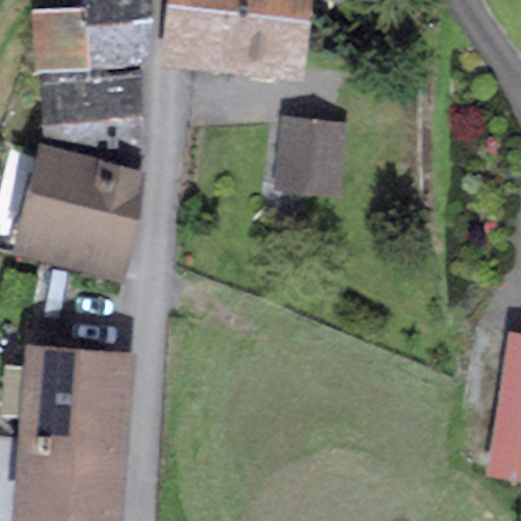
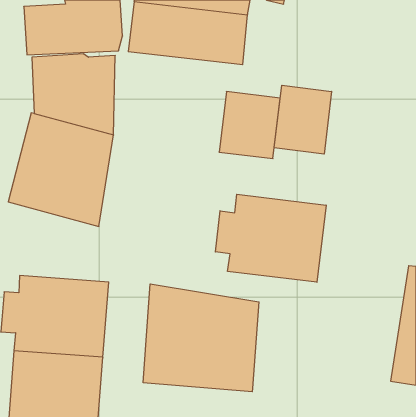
building: none -> [274,85,332,154]
building: none -> [215,194,326,282]
building: none -> [143,284,259,392]

